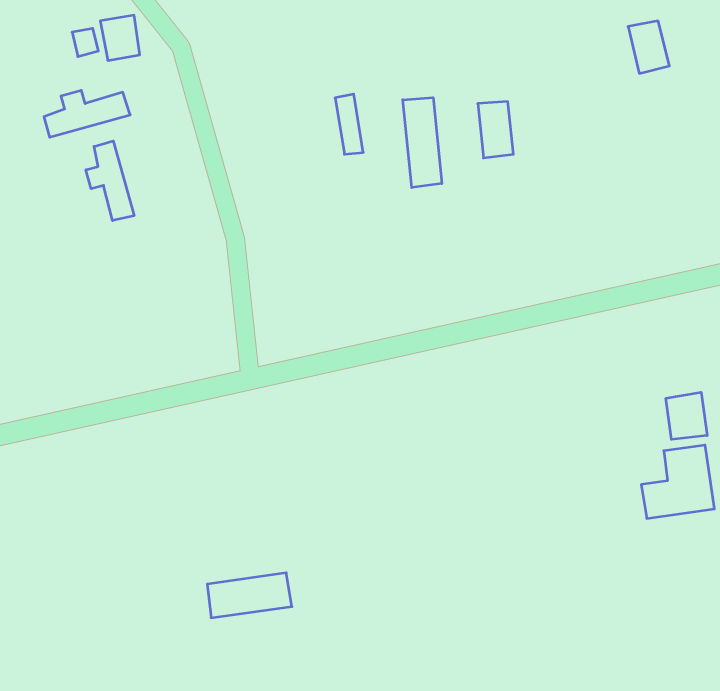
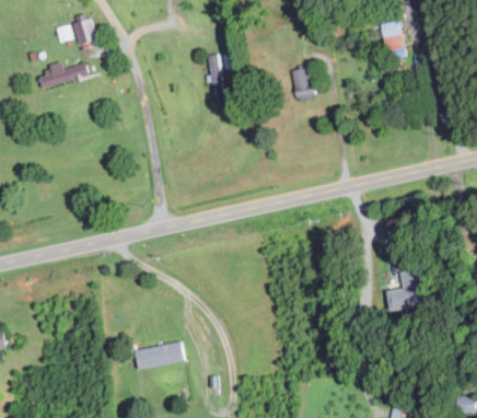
building: [403,98,442,188] -> none
building: [86,141,134,221] -> none
building: [666,392,707,439] -> none

